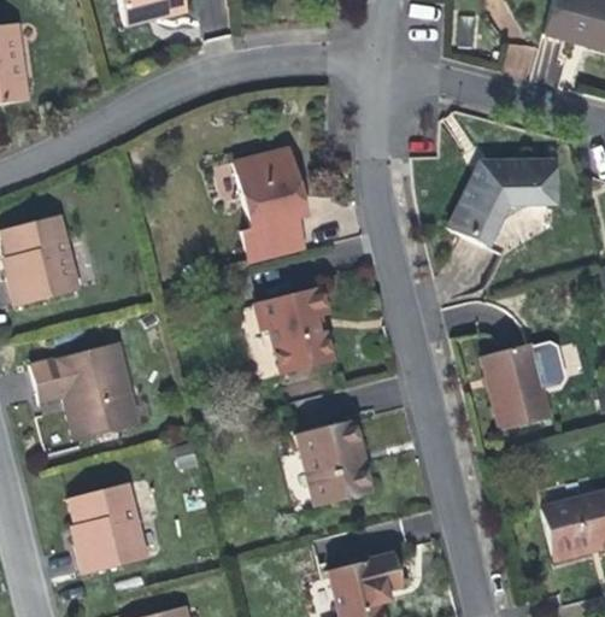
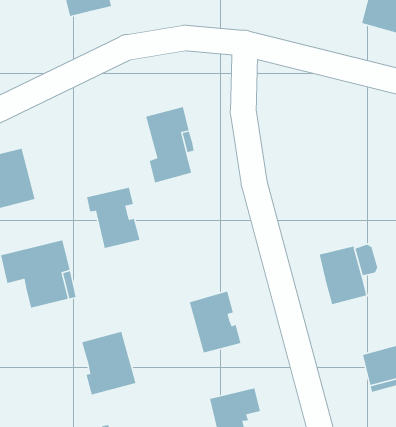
building: [447,164,550,243] -> none
building: [255,284,333,372] -> [86,187,141,249]
building: [69,481,147,572] -> [81,331,136,395]

